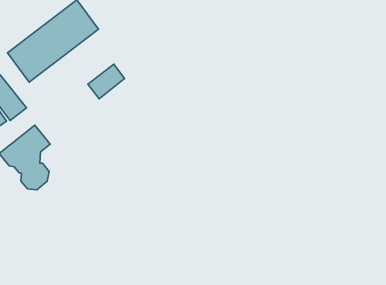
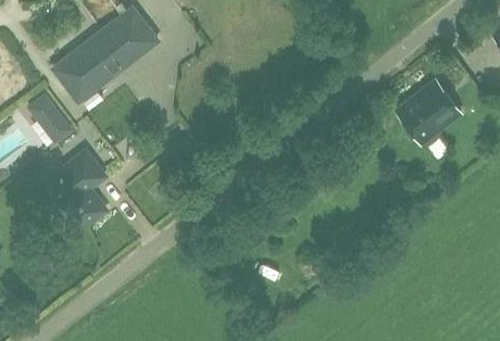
building: [88,64,125,99] -> none
building: none -> [398,81,461,143]

